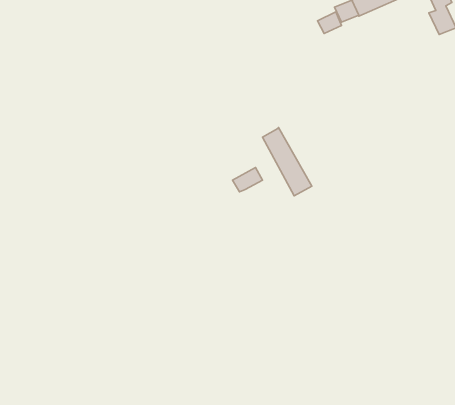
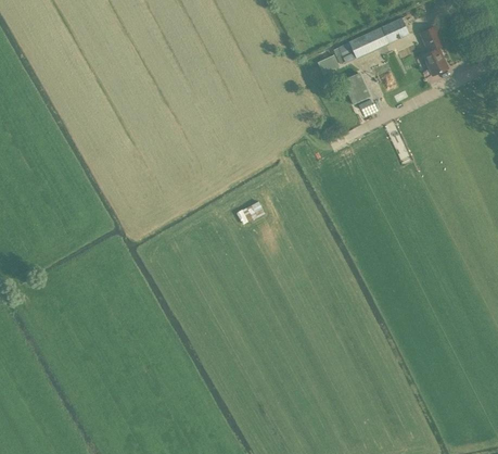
building: none -> [343,70,371,102]
building: [262,128,312,196] -> none

